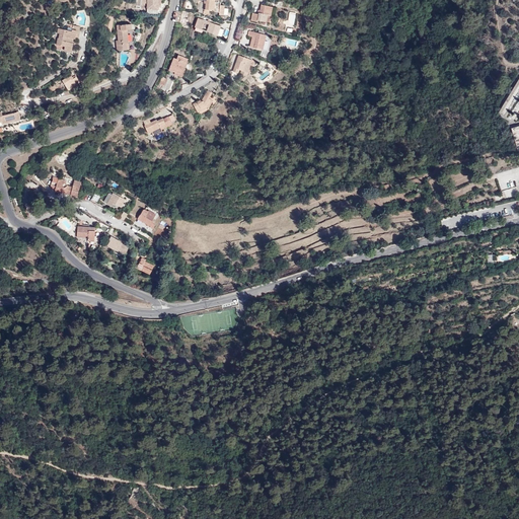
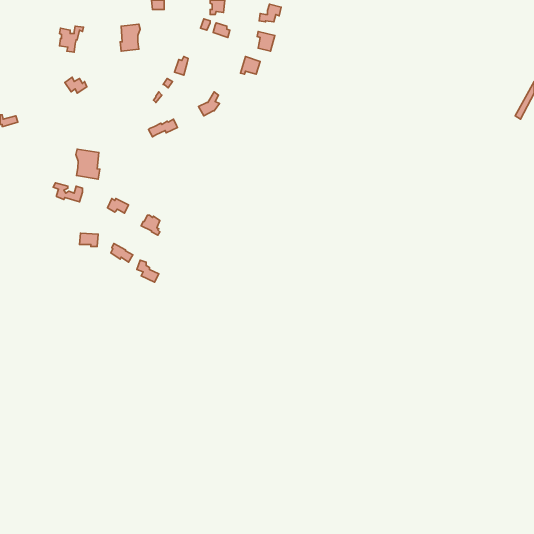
building: none -> [76,149,100,179]

